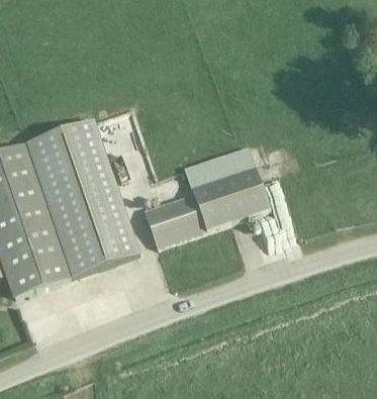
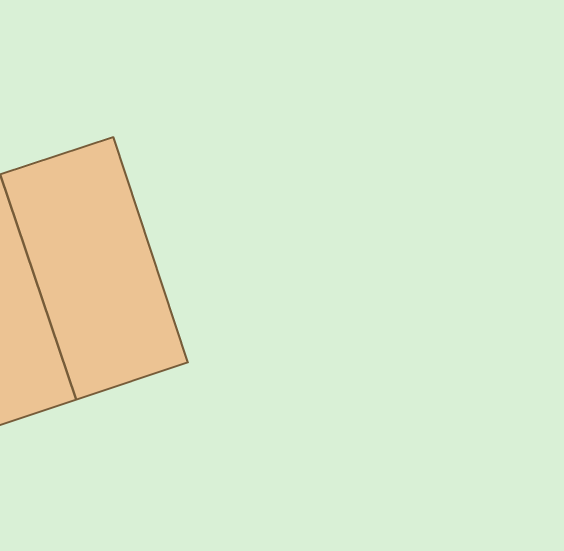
building: [145,146,271,247] -> none

